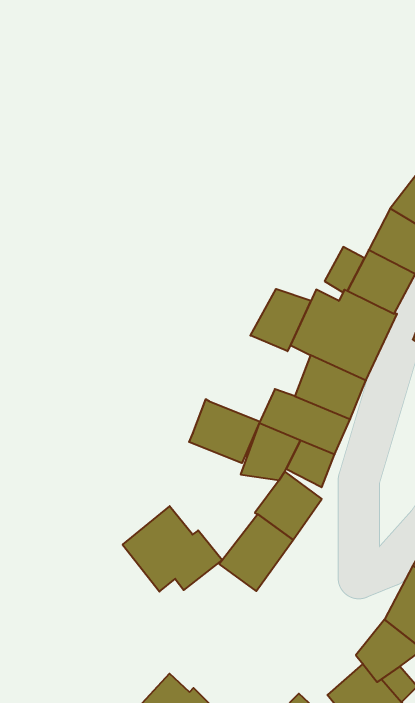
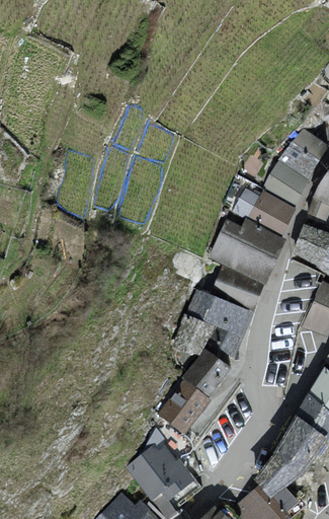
building: [250,289,311,351] -> none
building: [189,399,260,463] -> none
building: [123,506,222,592] -> [126,441,196,502]

